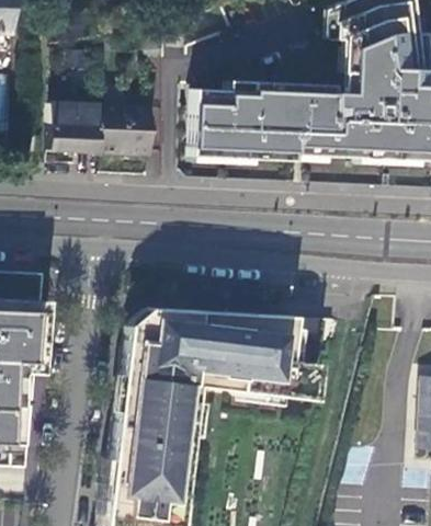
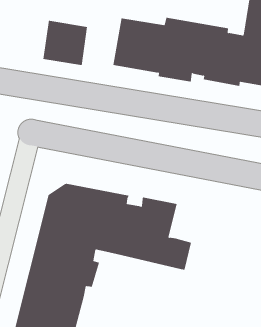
building: [52,101,103,153] -> none

